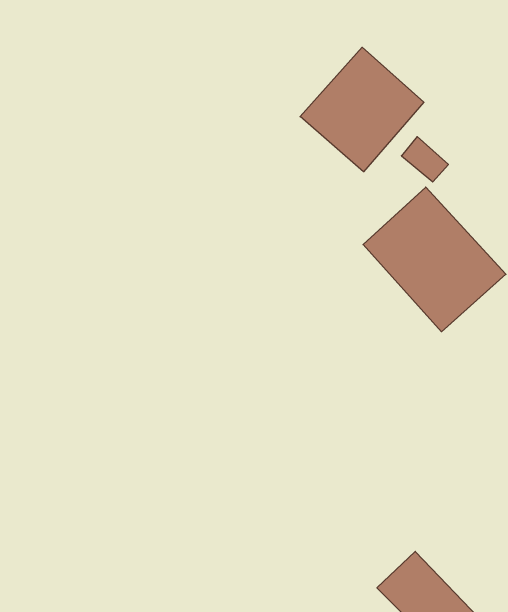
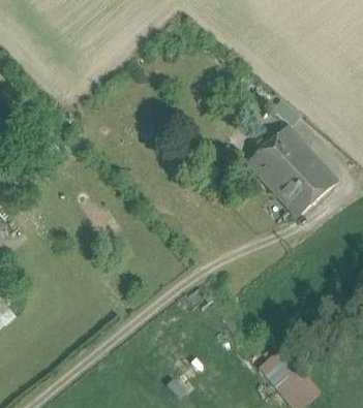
building: [300,47,424,172] -> none

